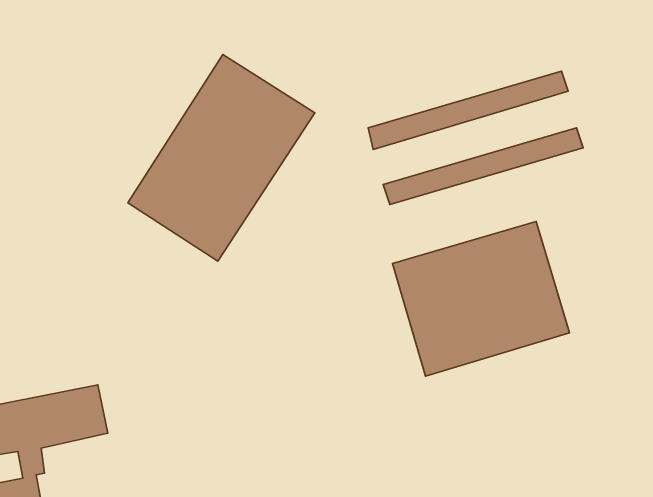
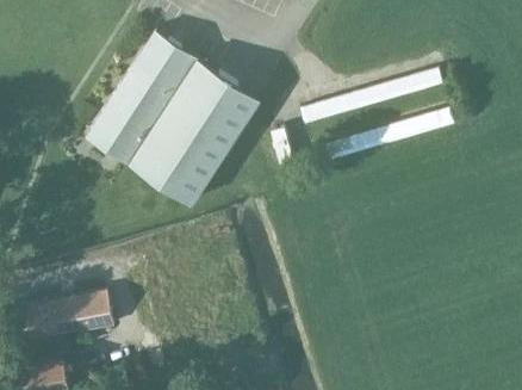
building: none -> [85,30,193,162]
building: [393,222,569,376] -> none

